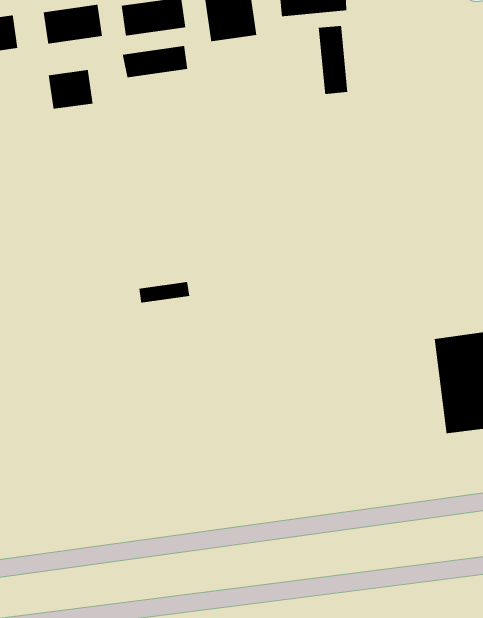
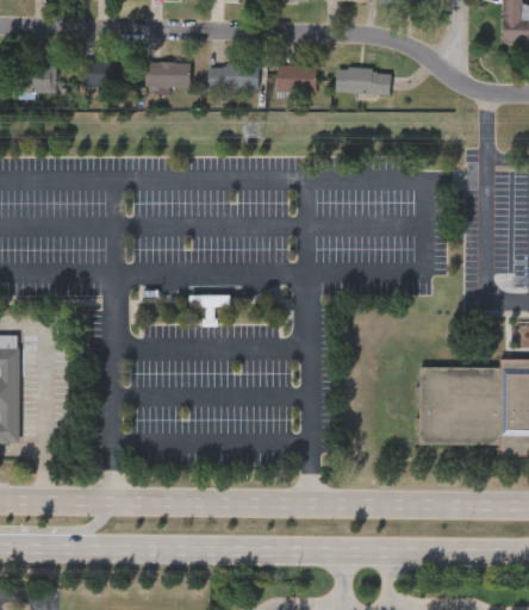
building: [318,25,348,95] -> none
building: [122,45,188,78] -> none
building: [48,69,93,110] -> none

